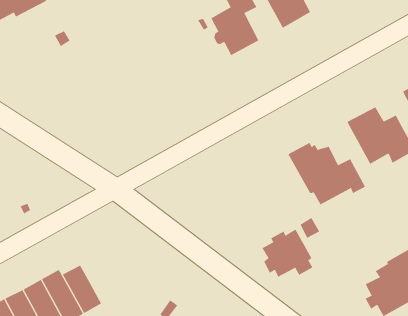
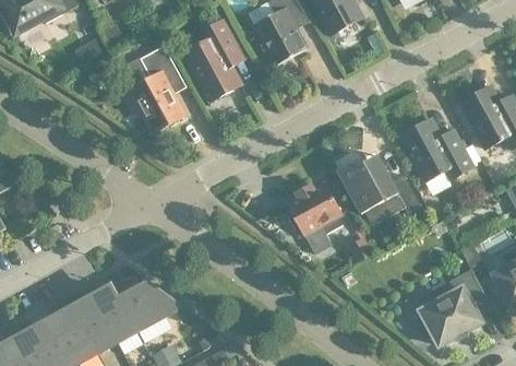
building: none -> [184,20,245,101]
building: none -> [125,46,184,130]
building: [261,229,313,278] -> [287,182,343,235]
building: none -> [121,284,183,331]

